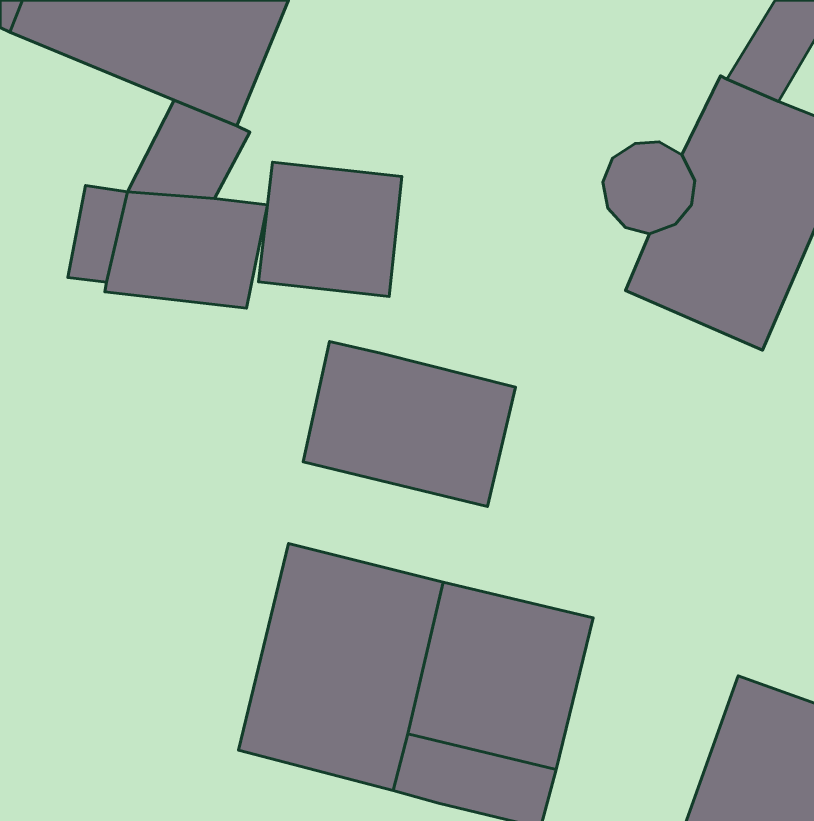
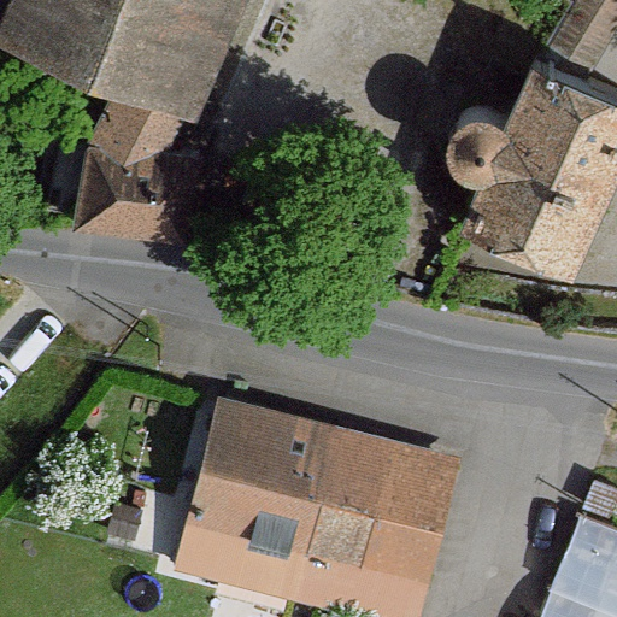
building: [259,162,402,297] -> none
building: [303,342,515,507] -> none

